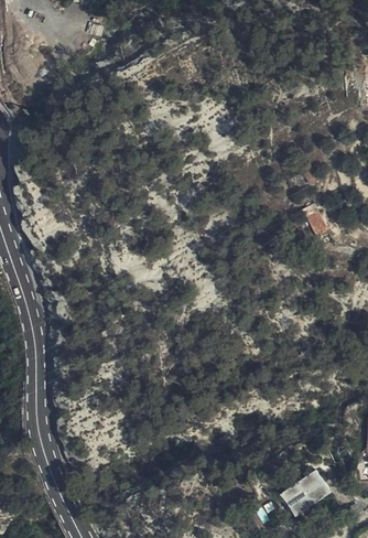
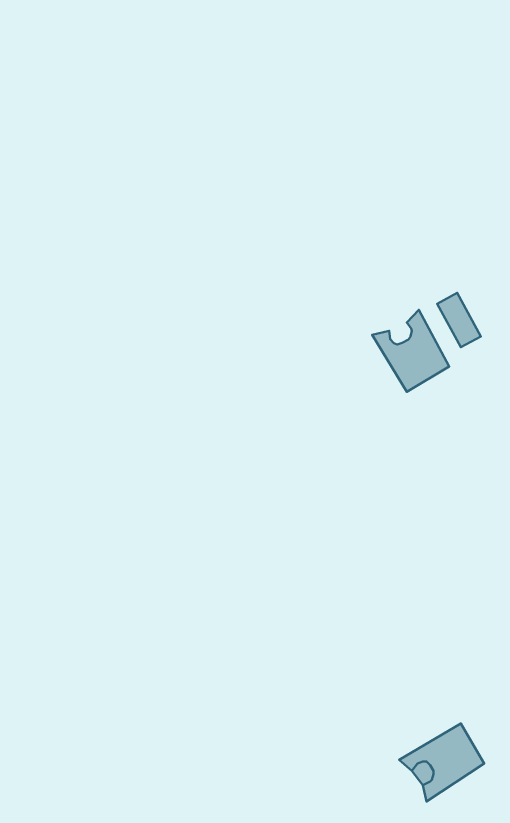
building: none -> [372,310,449,392]

